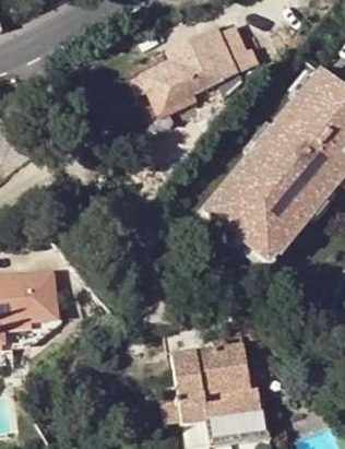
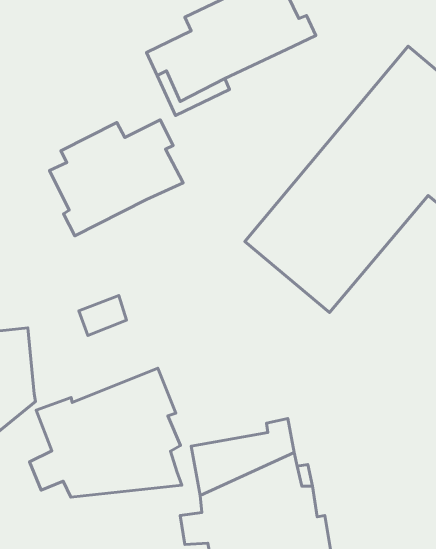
building: none -> [49,120,183,236]
building: none -> [30,368,182,497]

